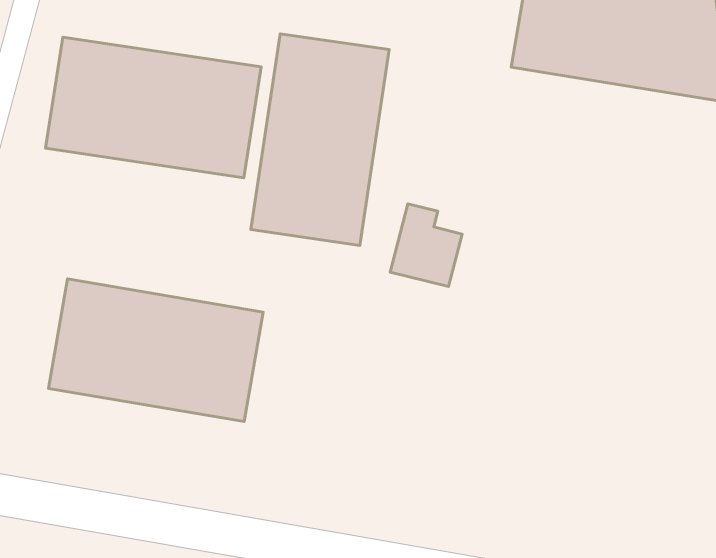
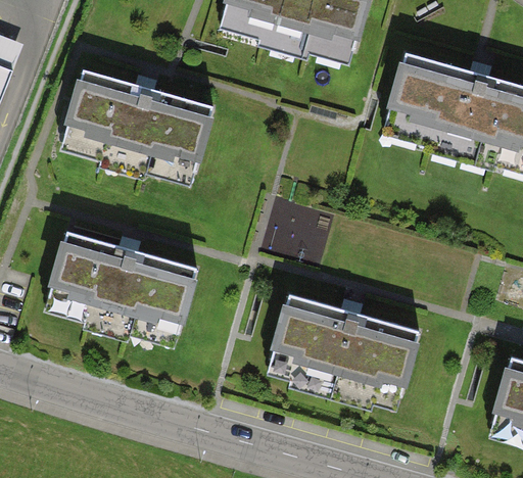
building: [251,34,389,246] -> none
building: none -> [266,294,421,405]

